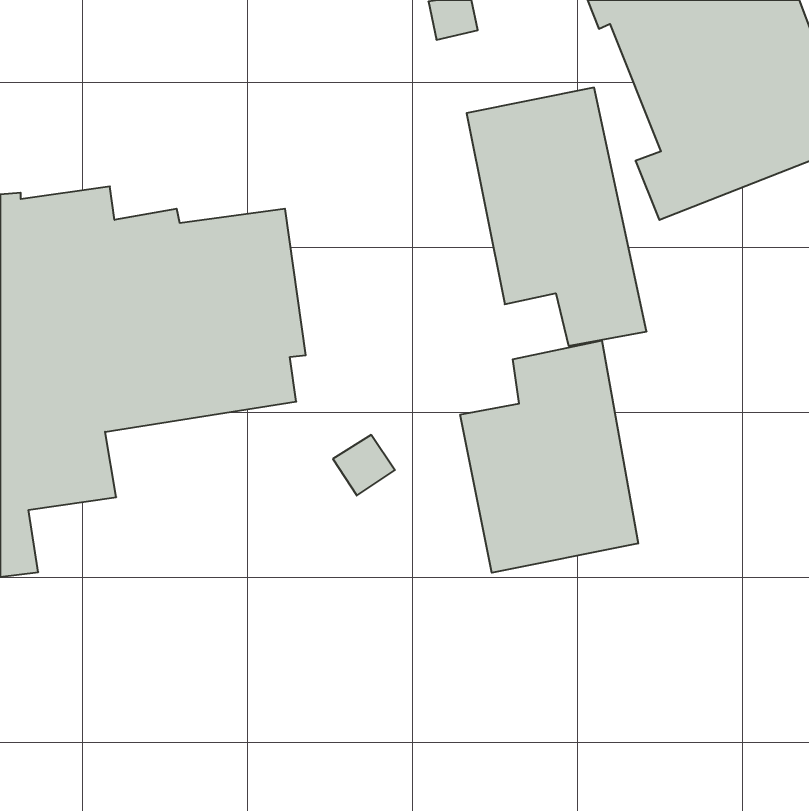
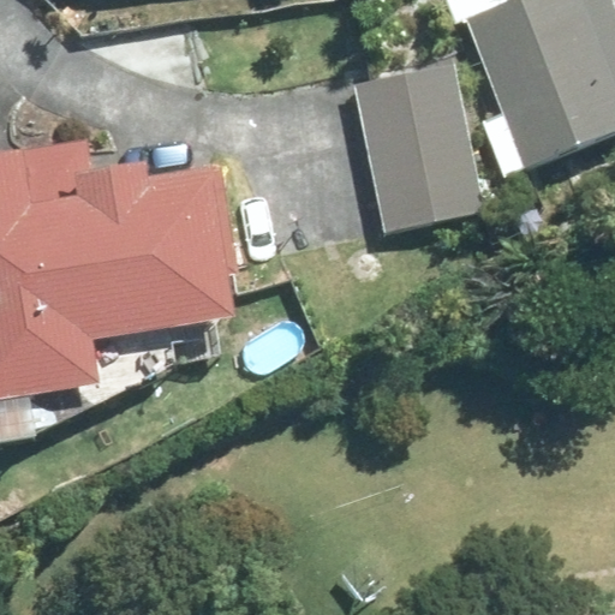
building: [460,340,638,573] -> none

